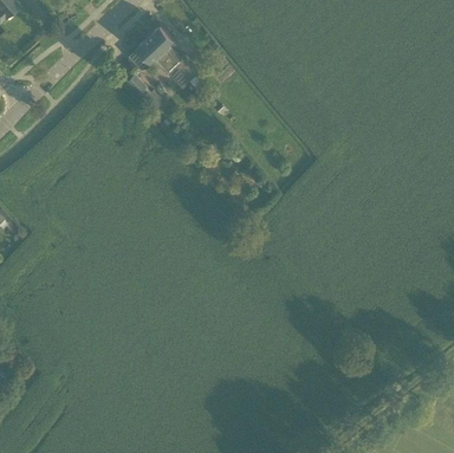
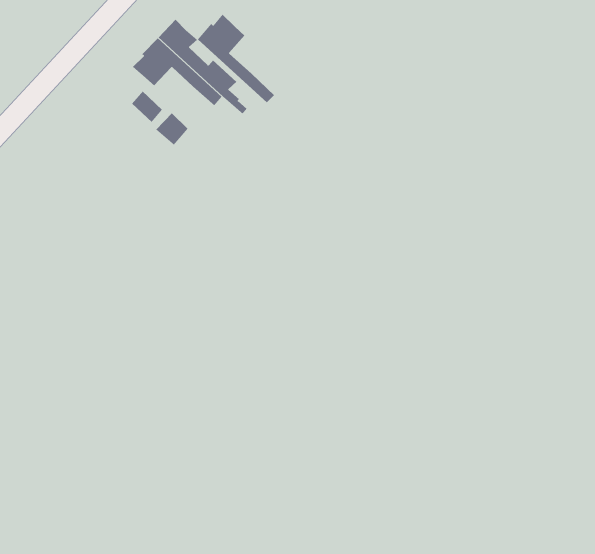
building: none -> [197,14,275,103]

